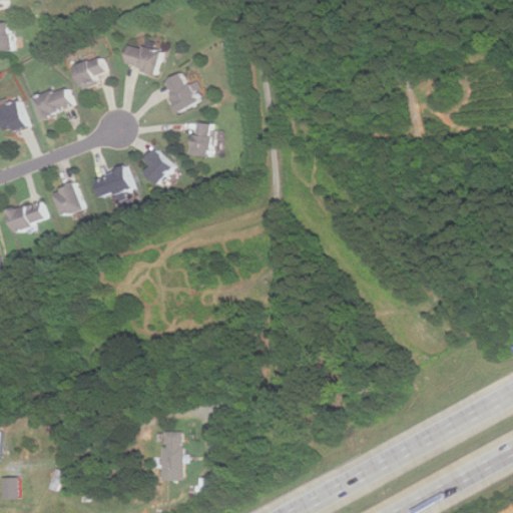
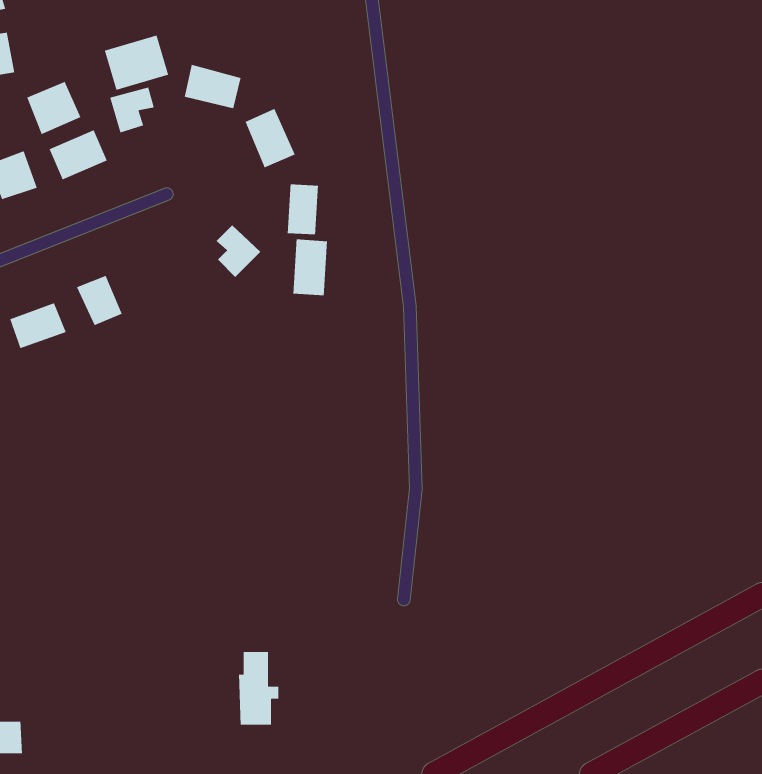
building: none -> [104,35,169,91]
building: none -> [26,81,82,135]
building: none -> [292,239,328,296]
building: [92,165,130,198] -> none

